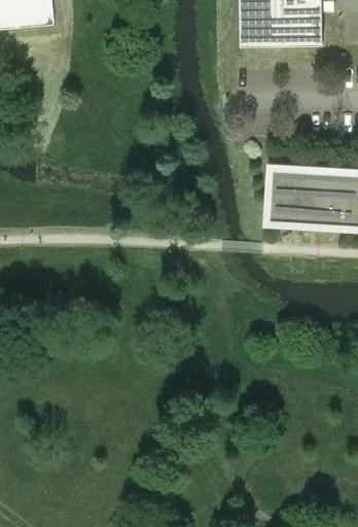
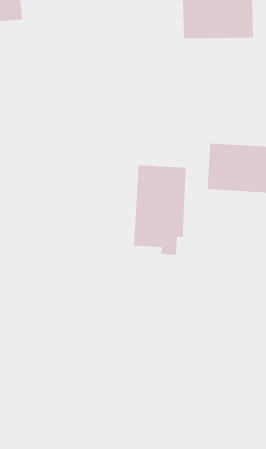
building: none -> [134,165,186,255]

